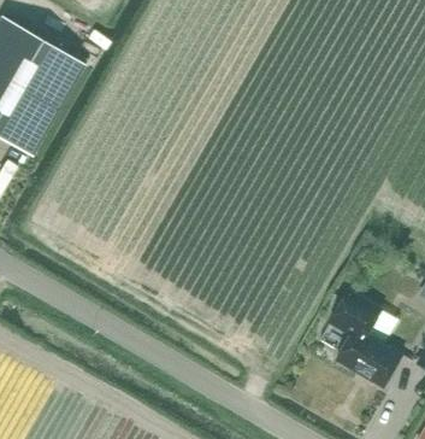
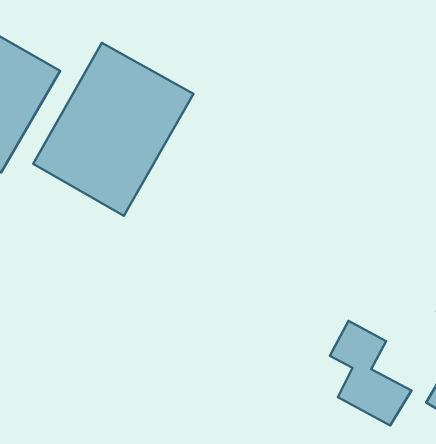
building: none -> [33,43,194,216]

